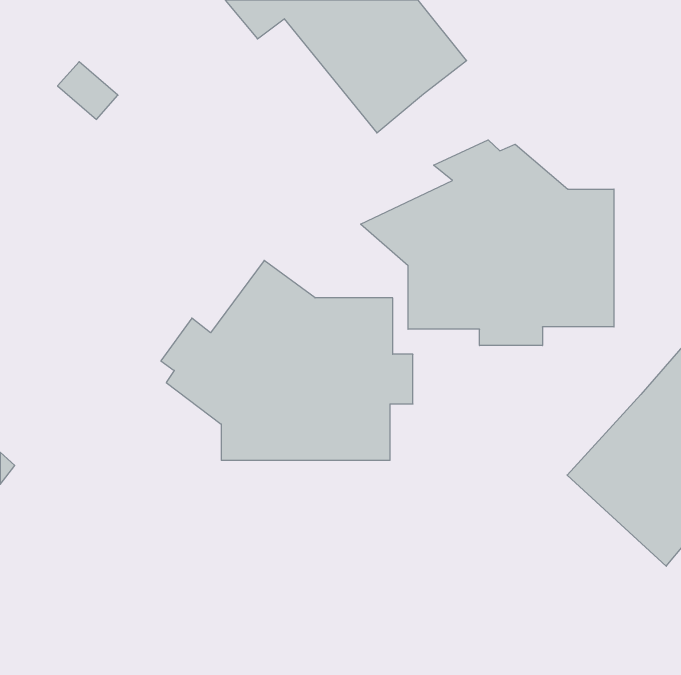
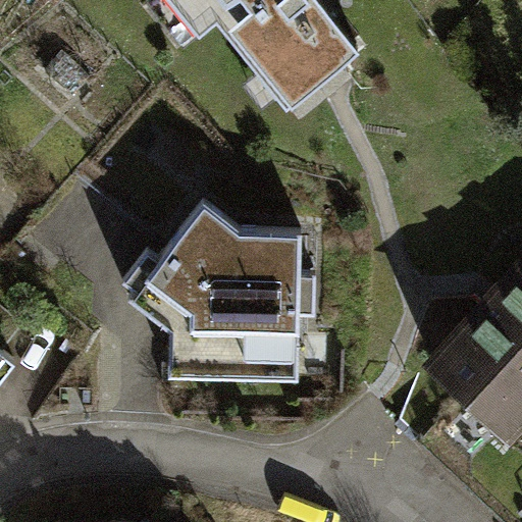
building: [361,140,614,346] -> none

